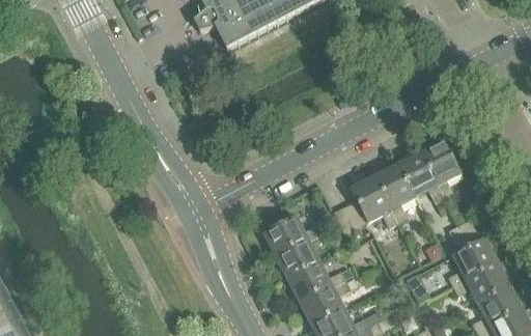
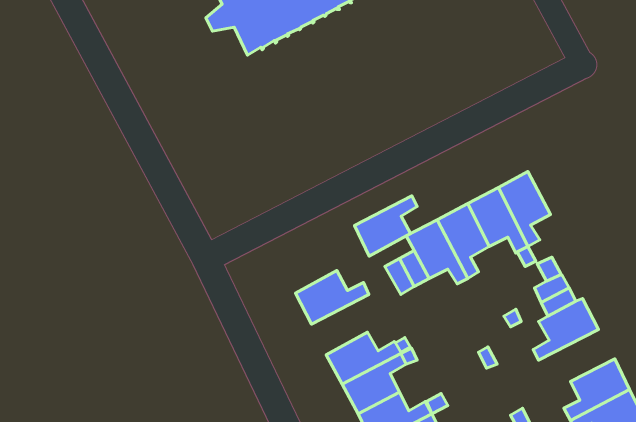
building: [277,234,326,281] -> [354,196,417,256]
building: [453,261,512,302] -> none

